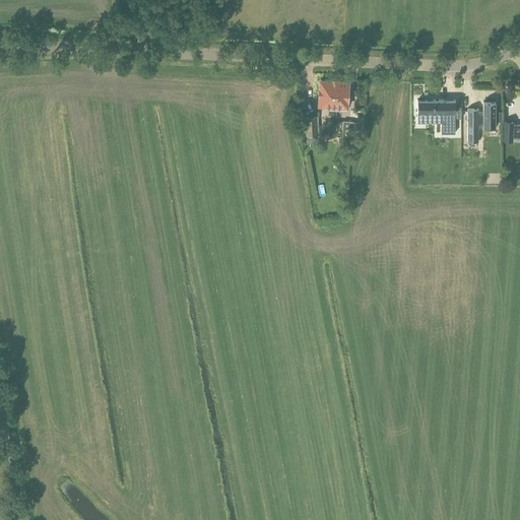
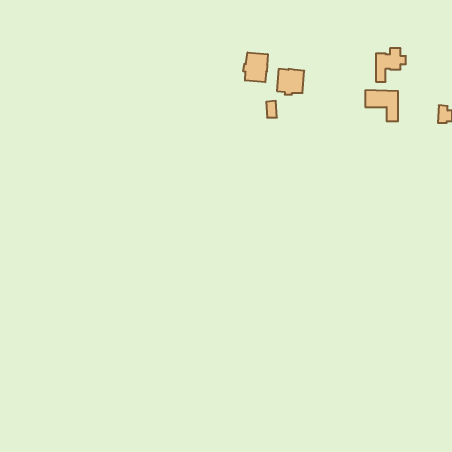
building: none -> [243,52,268,82]
building: [467,103,502,141] -> [376,48,406,82]

